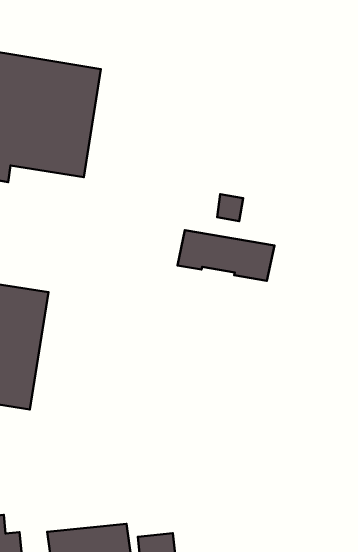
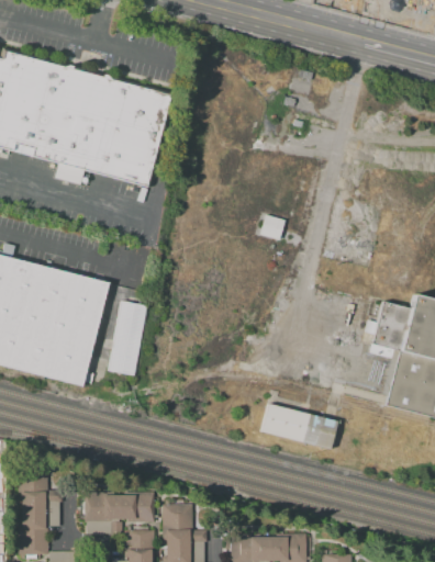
building: [177,230,275,281] -> none
building: none -> [108,302,145,376]
building: none -> [259,403,335,443]

